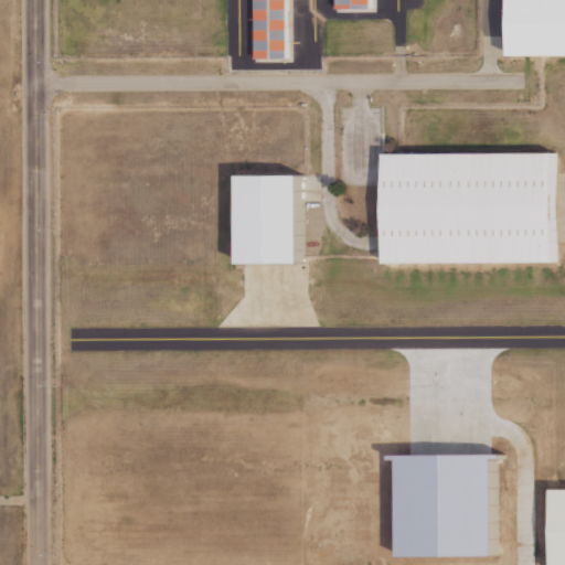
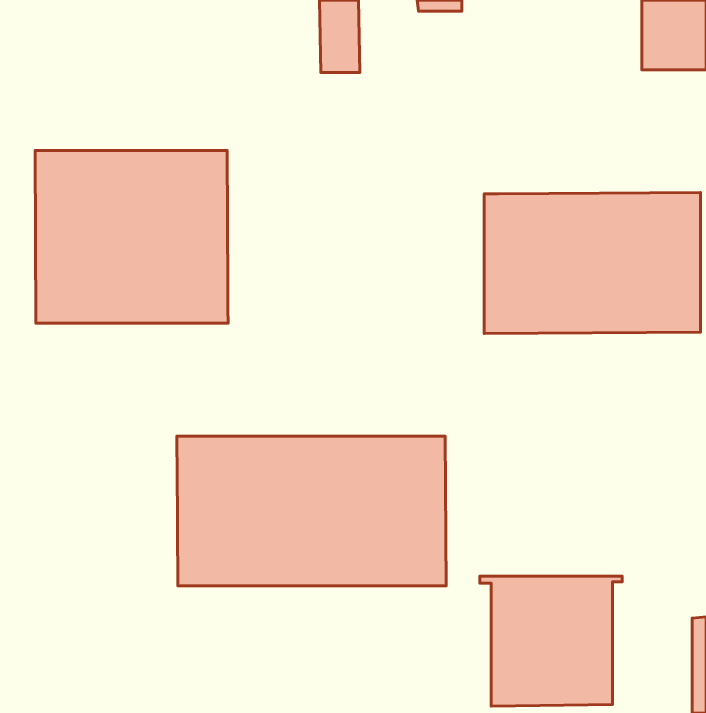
building: none -> [35,150,228,323]
building: [238,173,300,263] -> none
building: none -> [177,436,446,586]

